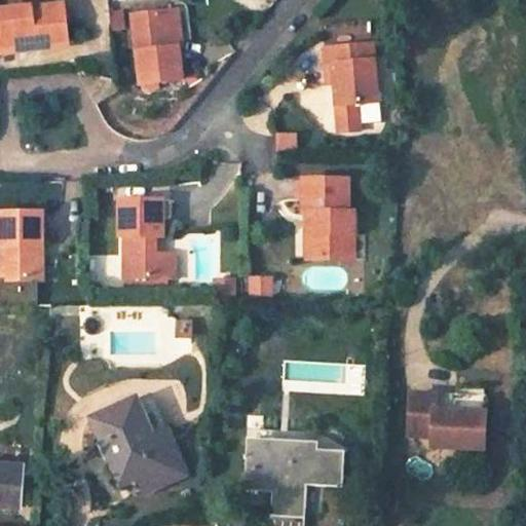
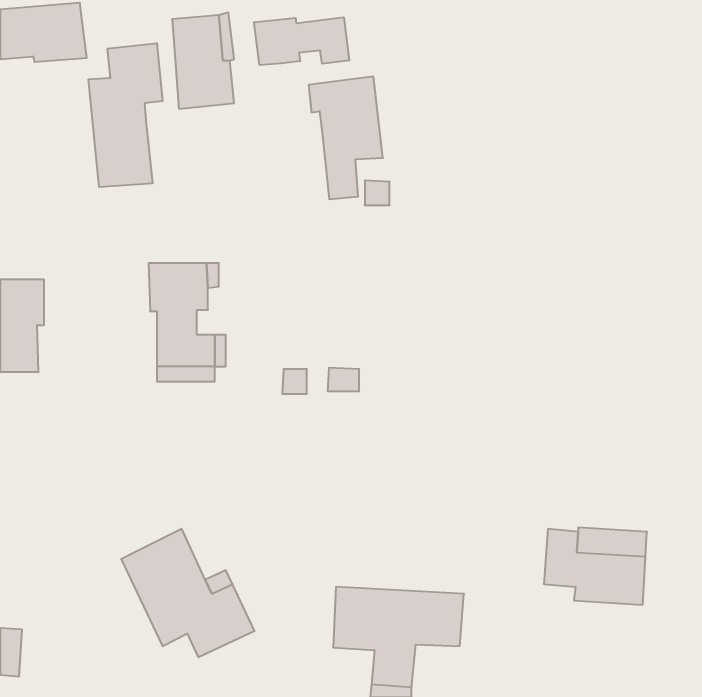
building: none -> [254,17,349,65]
building: none -> [89,43,162,187]
building: [322,44,377,136] -> [309,77,383,199]
building: [299,178,352,257] -> none

